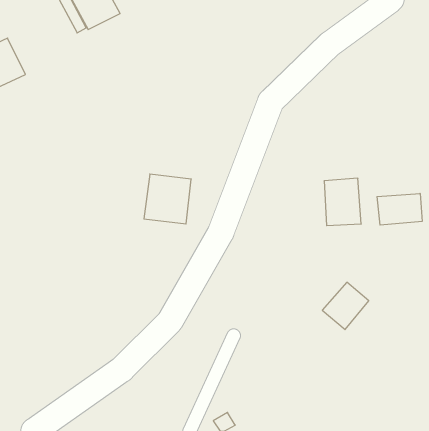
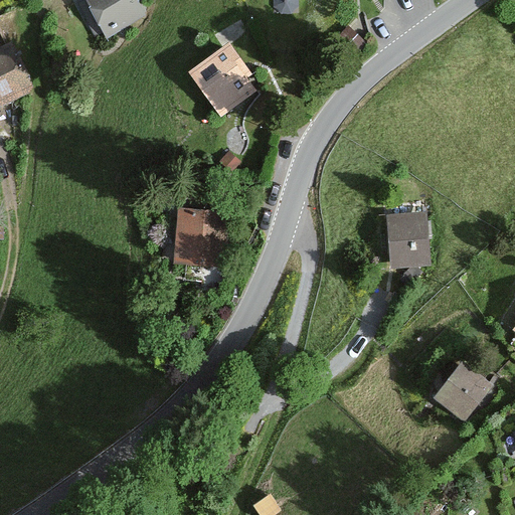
building: none -> [191,44,254,115]
building: [377,193,422,225] -> none
building: [322,282,369,330] -> [437,364,492,420]

